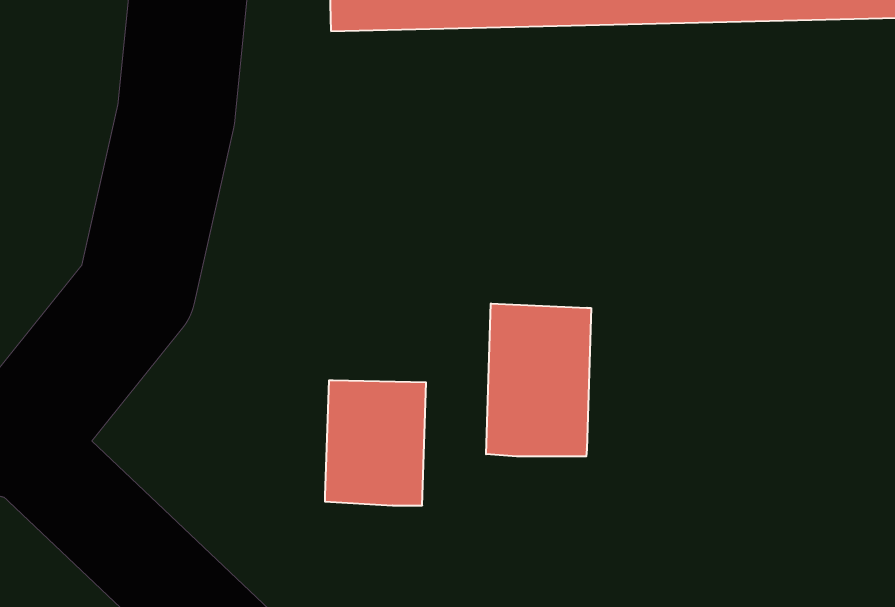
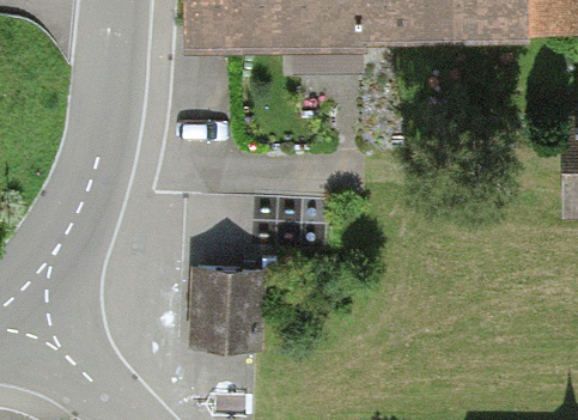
building: [486,303,591,456] -> none

